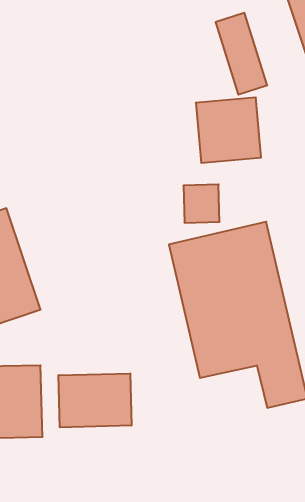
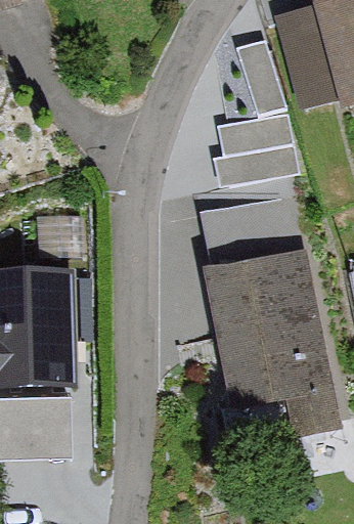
building: [59,373,131,427] -> none

